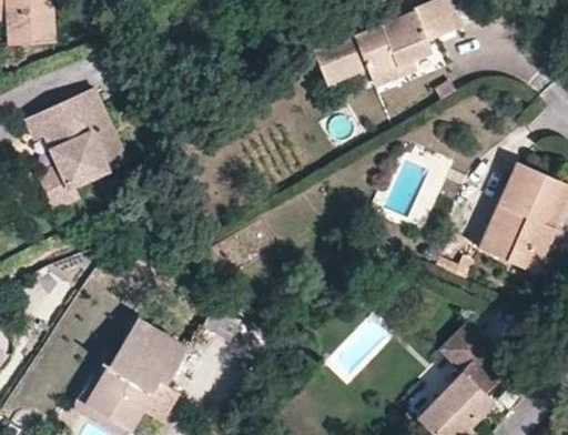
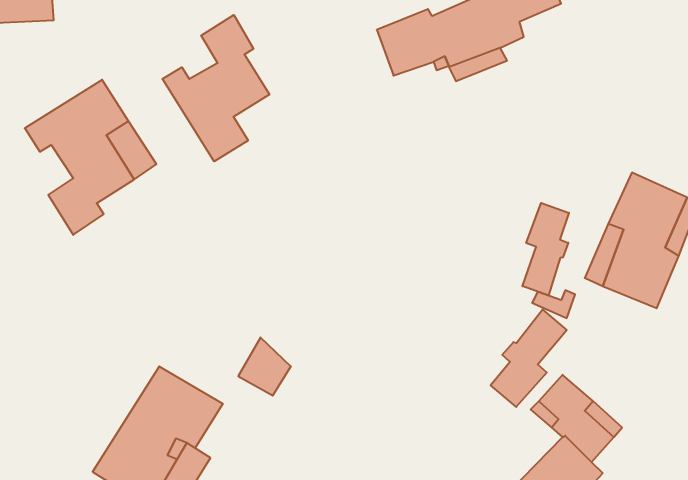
building: none -> [162,15,269,161]
building: none -> [522,203,569,296]
building: none -> [491,309,567,407]

